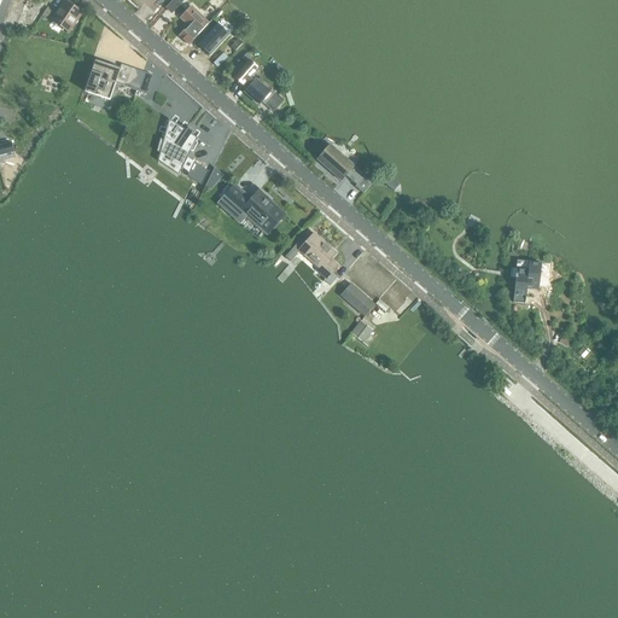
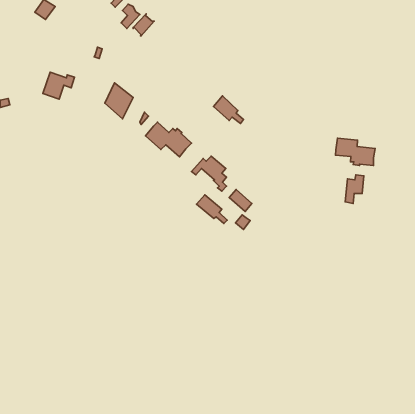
building: [232,57,278,105] -> none
building: [84,58,132,98] -> [43,72,75,99]
building: none -> [336,138,375,165]
building: none -> [196,195,227,224]

